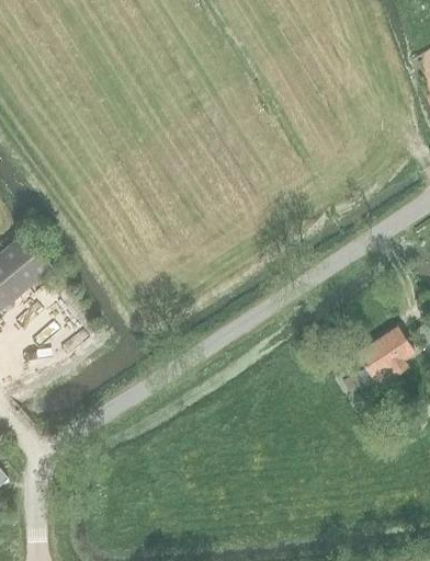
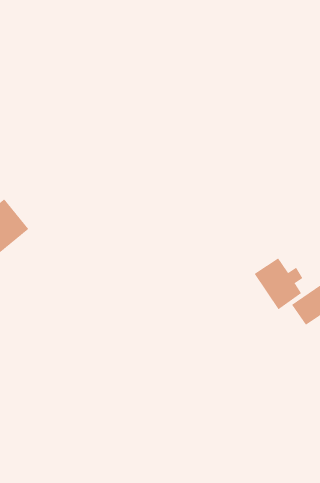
building: none -> [254,257,303,310]

